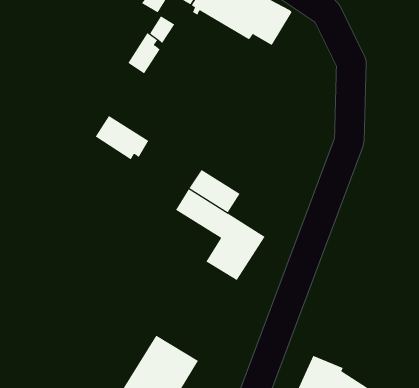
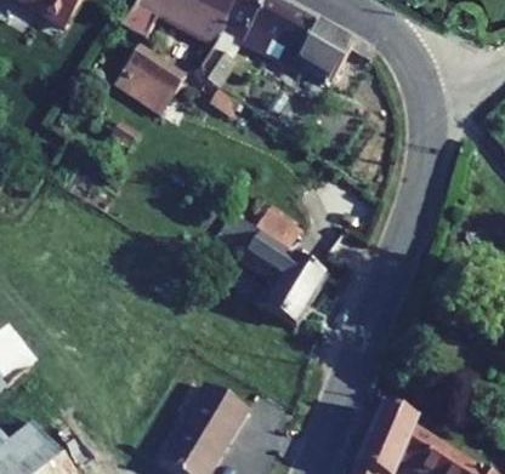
building: [95,115,149,160] -> [131,51,189,99]

